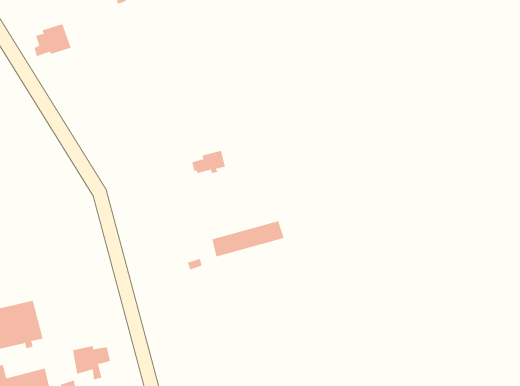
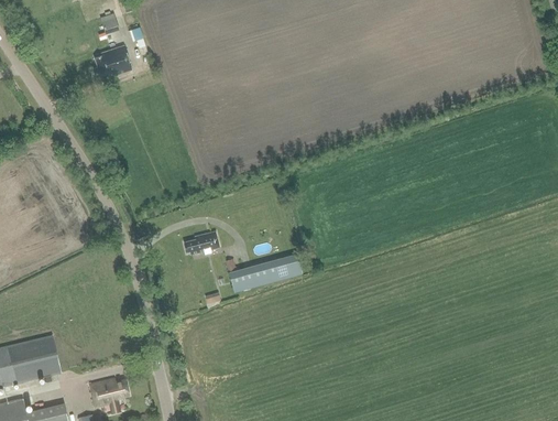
building: [34,23,72,57] -> [94,45,131,78]
building: [192,150,226,173] -> [185,230,219,253]

